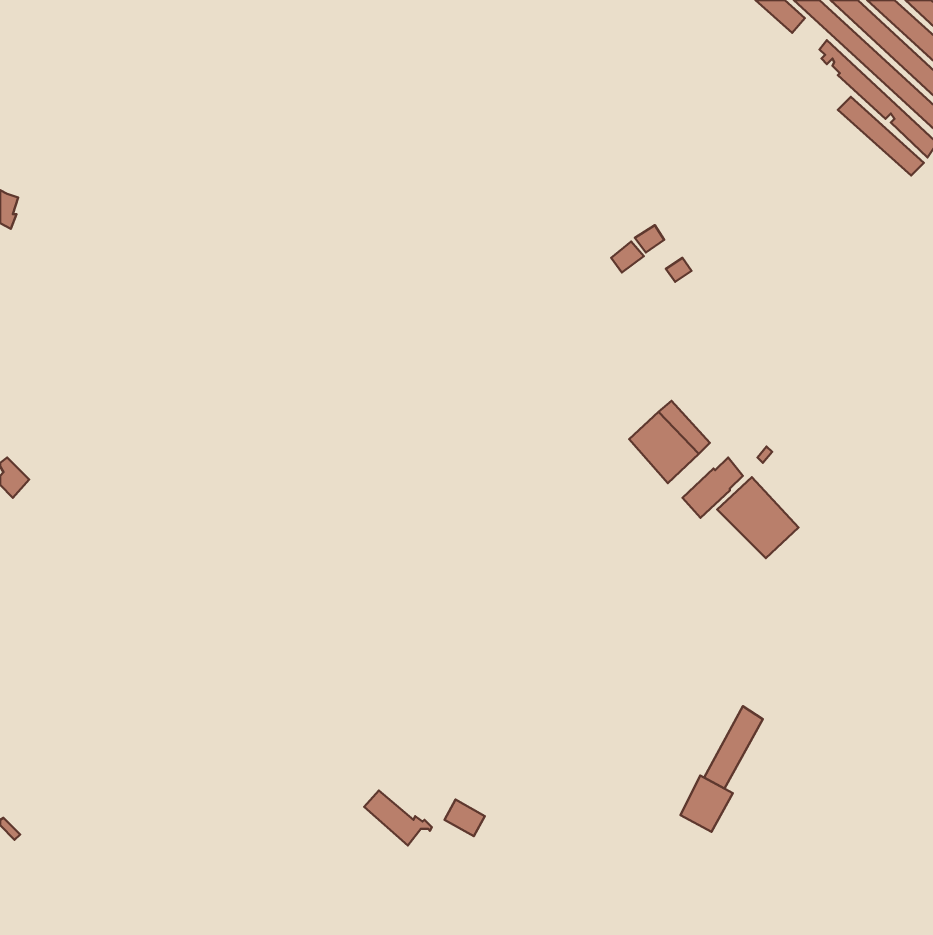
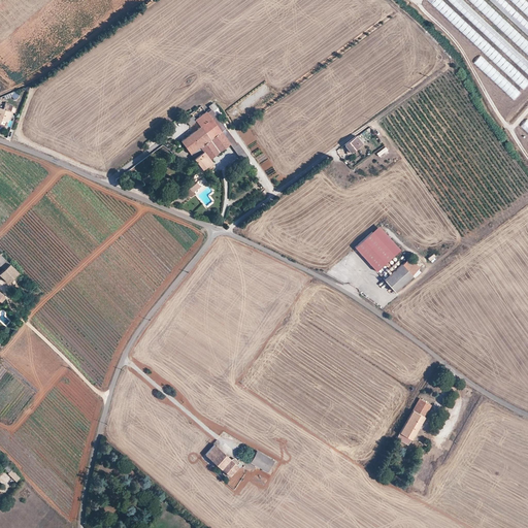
building: none -> [182,108,248,169]
building: [717,477,798,558] -> none
building: [681,775,733,832] -> none

